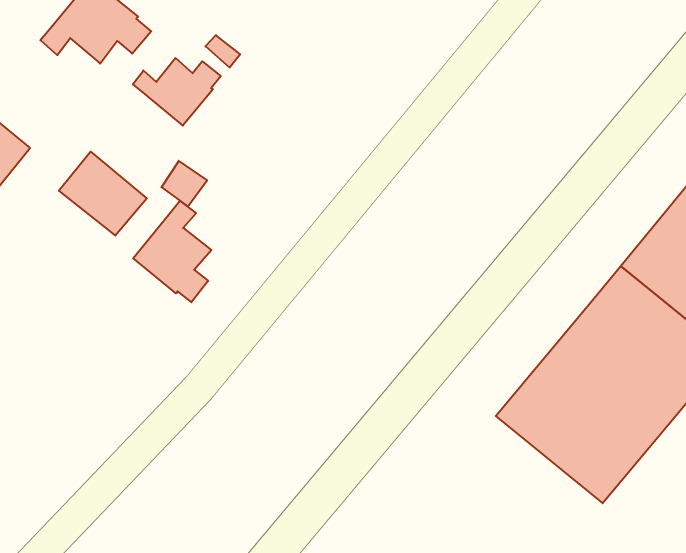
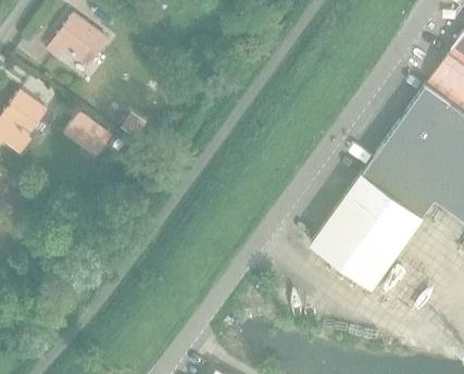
building: [133,58,221,126] -> none
building: [133,201,211,302] -> none

